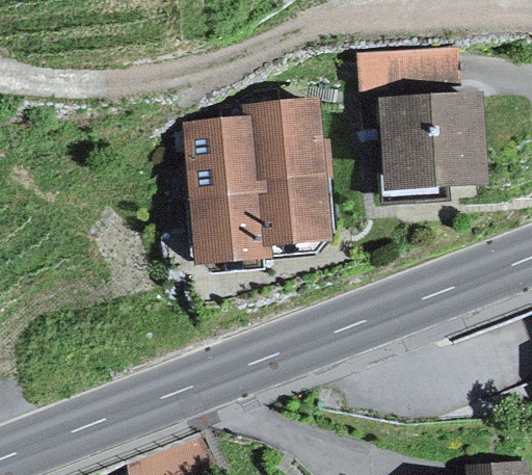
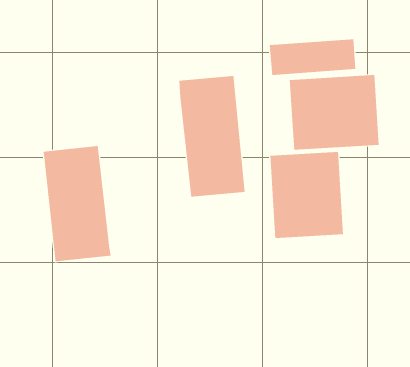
building: [183,126,265,265] -> [43,145,112,262]
building: none -> [270,151,344,239]

